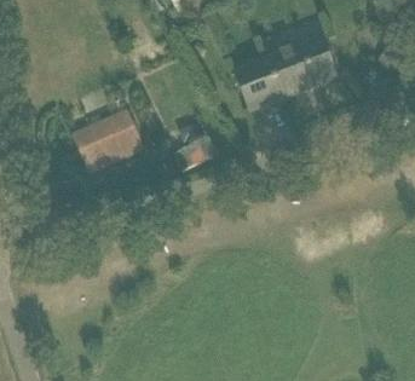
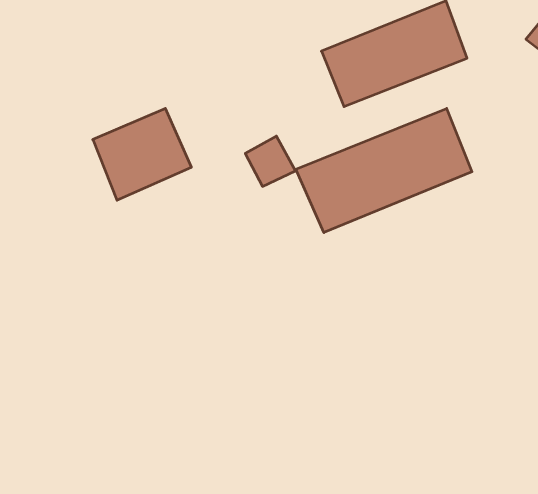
building: none -> [296,108,472,233]

